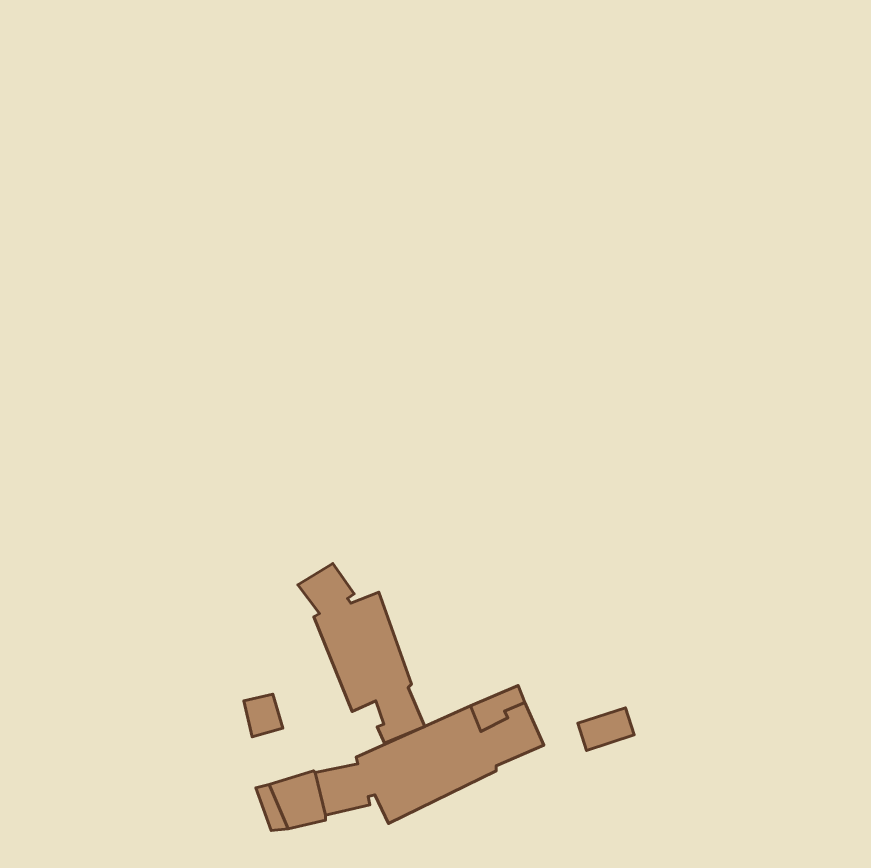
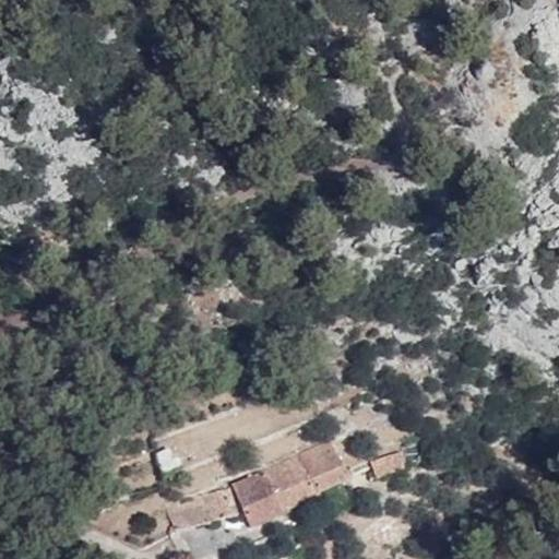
building: [298,563,425,743] -> none

